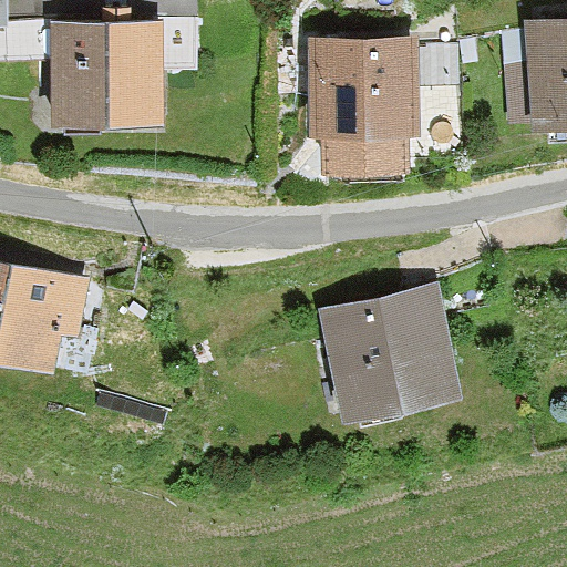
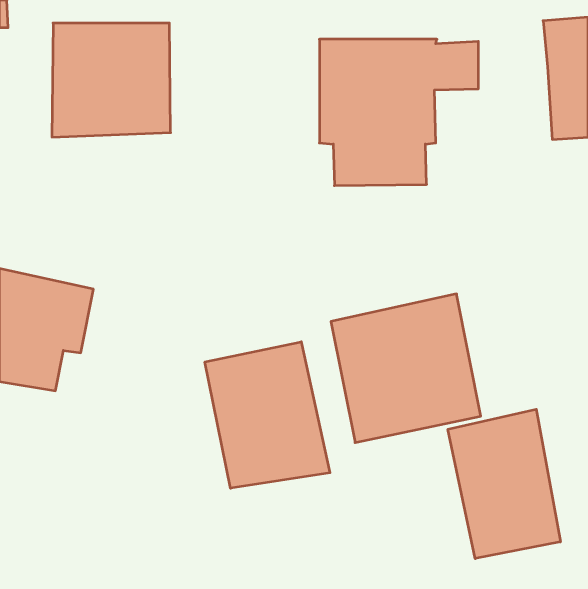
building: none -> [205,342,330,488]
building: none -> [448,409,560,559]

